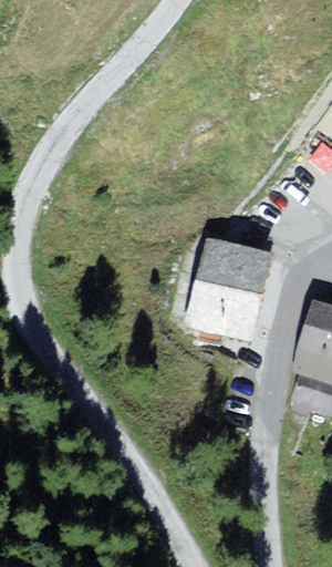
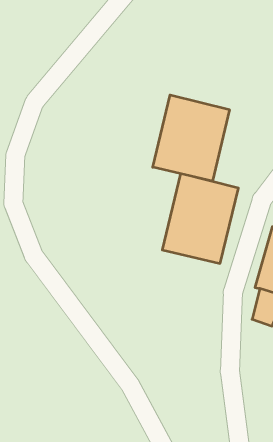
building: none -> [153,95,229,181]

